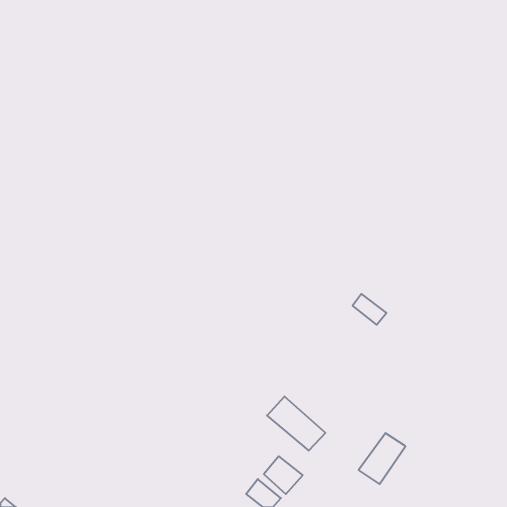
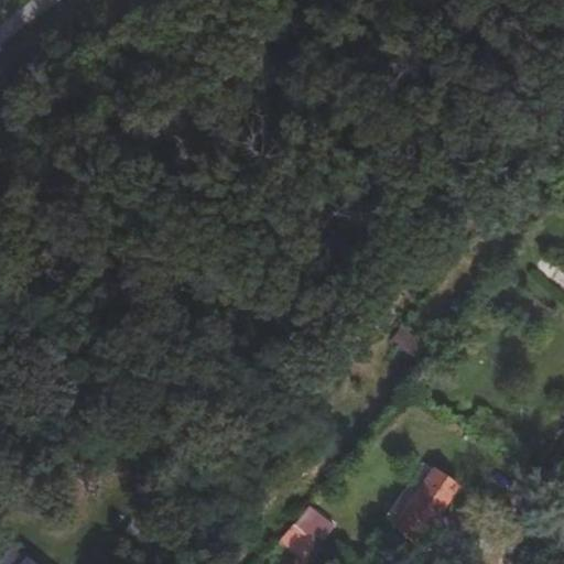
building: [267,396,325,451] -> none

